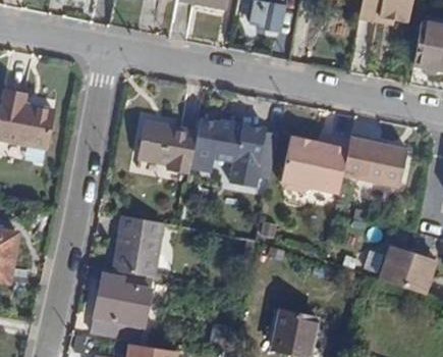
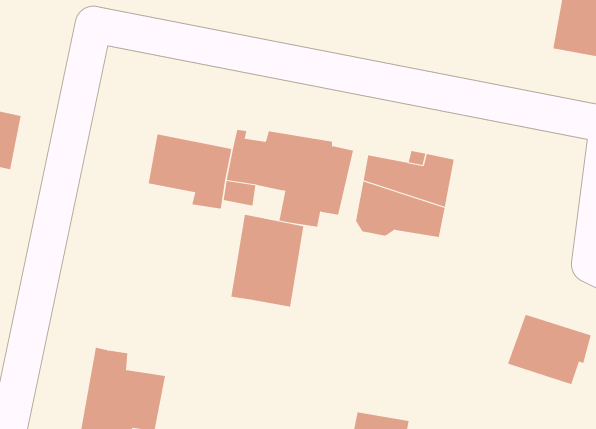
building: [340,138,403,186] -> none
building: [112,214,162,277] -> [231,214,304,307]

